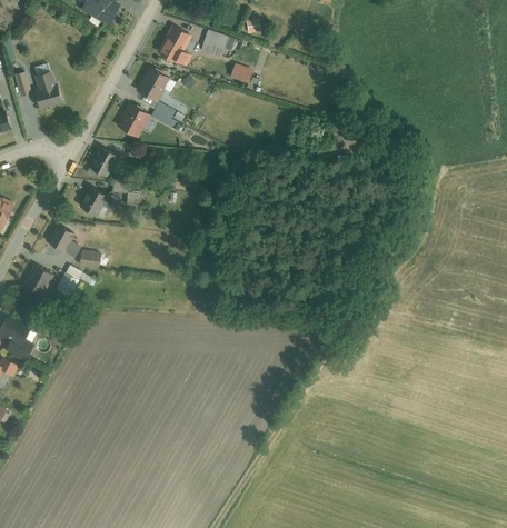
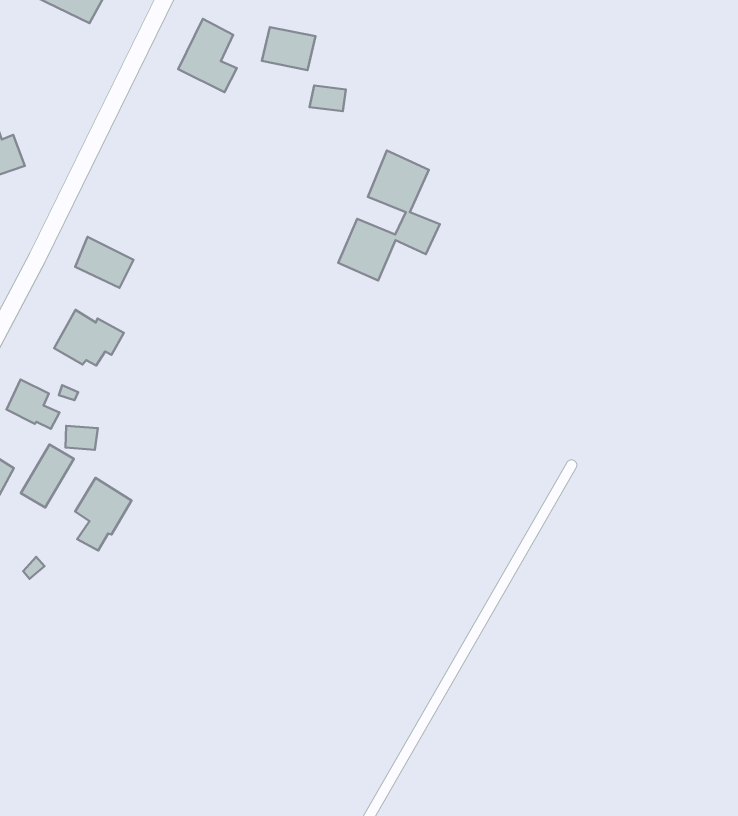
building: [118,67,177,140] -> [338,151,440,280]
building: none -> [75,478,132,551]

